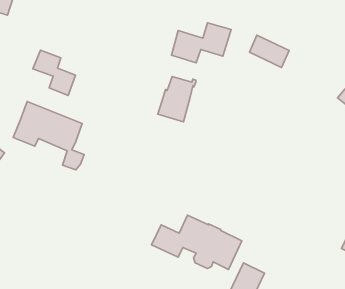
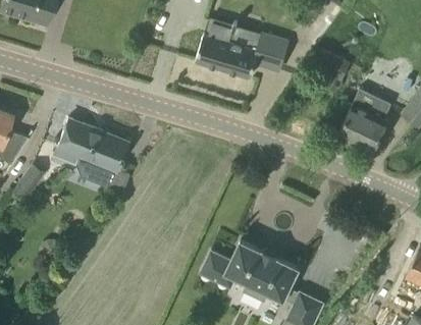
building: [33,50,76,96] -> none
building: none -> [337,90,389,152]
building: [158,76,196,122] -> [195,20,235,69]

